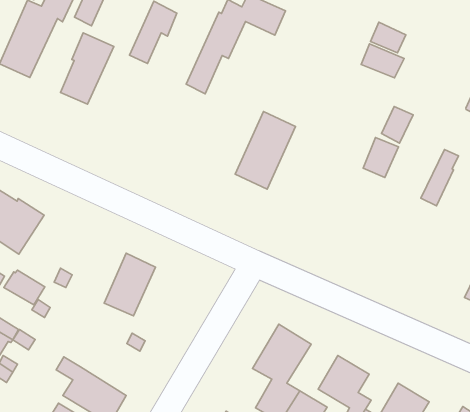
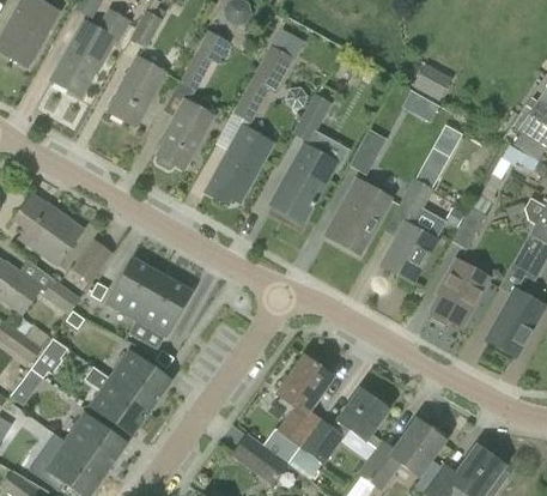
building: none -> [292,95,330,143]
building: none -> [157,99,212,169]
building: none -> [348,129,385,175]
building: none -> [207,126,273,202]
building: none -> [328,179,390,252]
building: none -> [382,223,437,283]
building: none -> [432,260,488,326]
building: none -> [71,238,113,284]
building: none -> [108,256,162,319]
building: none -> [109,350,171,410]

